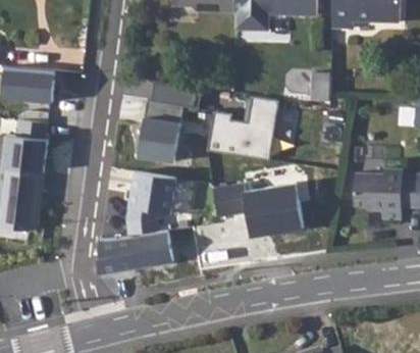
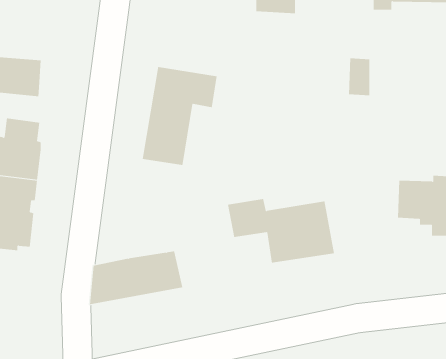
building: [208,96,280,160] -> none
building: [127,169,177,235] -> none

